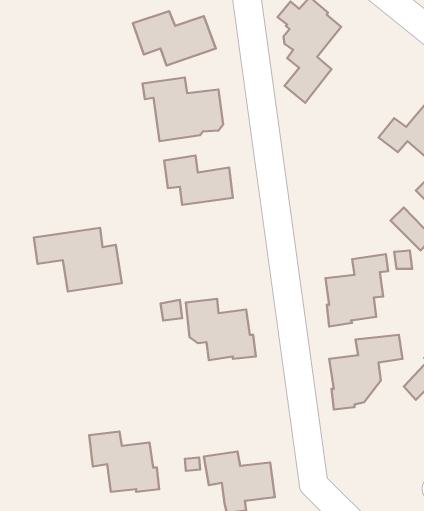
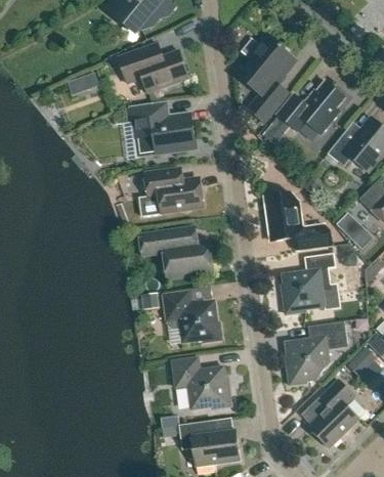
building: none -> [262,81,345,144]
building: none -> [264,192,332,250]
building: [34,228,122,292] -> [138,225,213,279]
building: none -> [308,379,358,447]
building: [89,432,159,492] -> [172,357,231,408]

